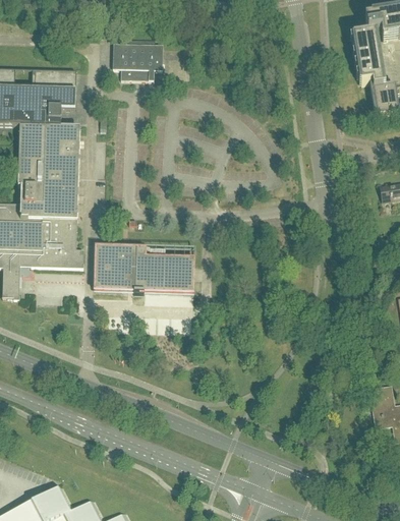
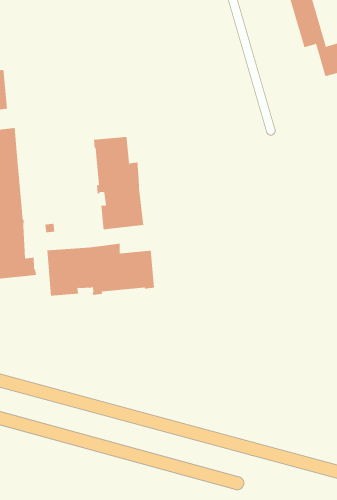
building: [112,44,162,80] -> none
building: none -> [94,136,144,230]

